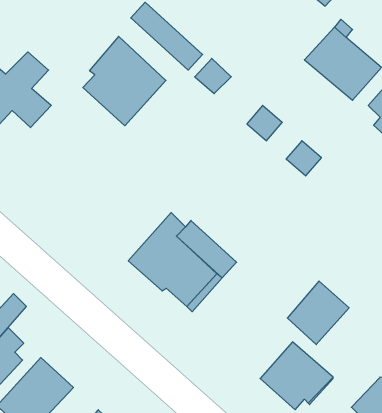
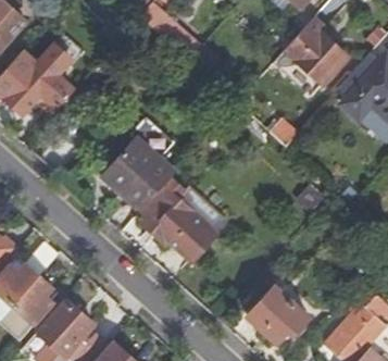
building: [83,36,166,126] -> none
building: none -> [103,138,176,212]
building: [287,281,349,345] -> none

